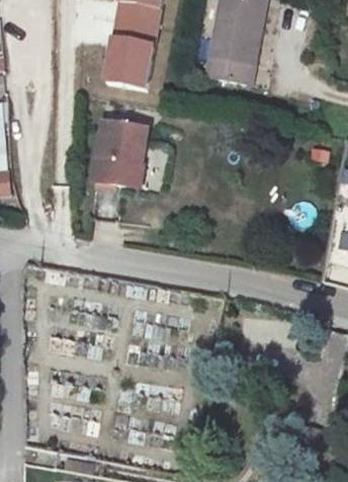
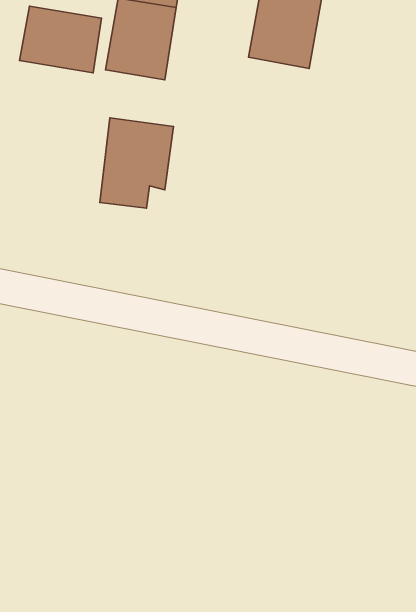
building: none -> [20,6,102,73]

